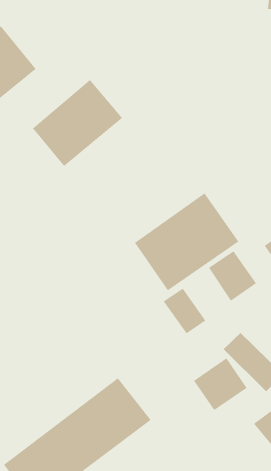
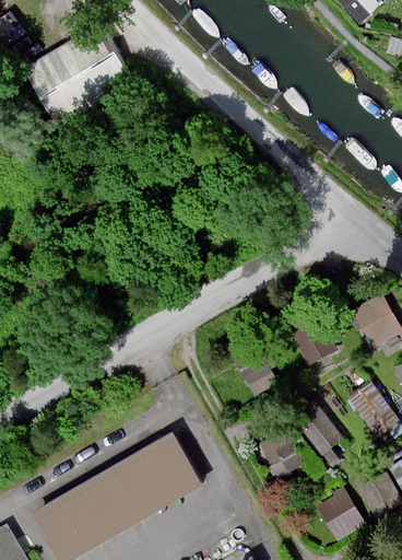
building: [32,79,123,167] -> none
building: [134,193,239,291] -> none

